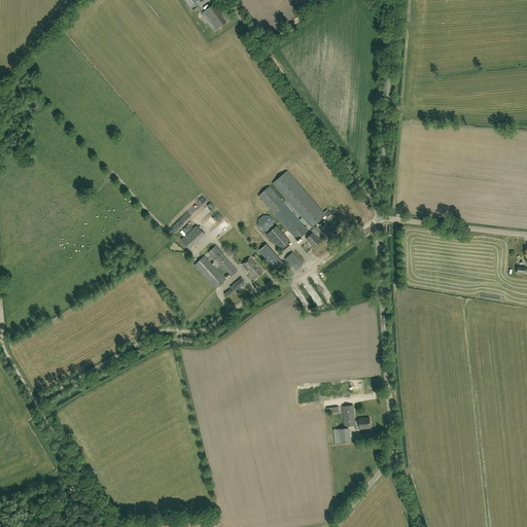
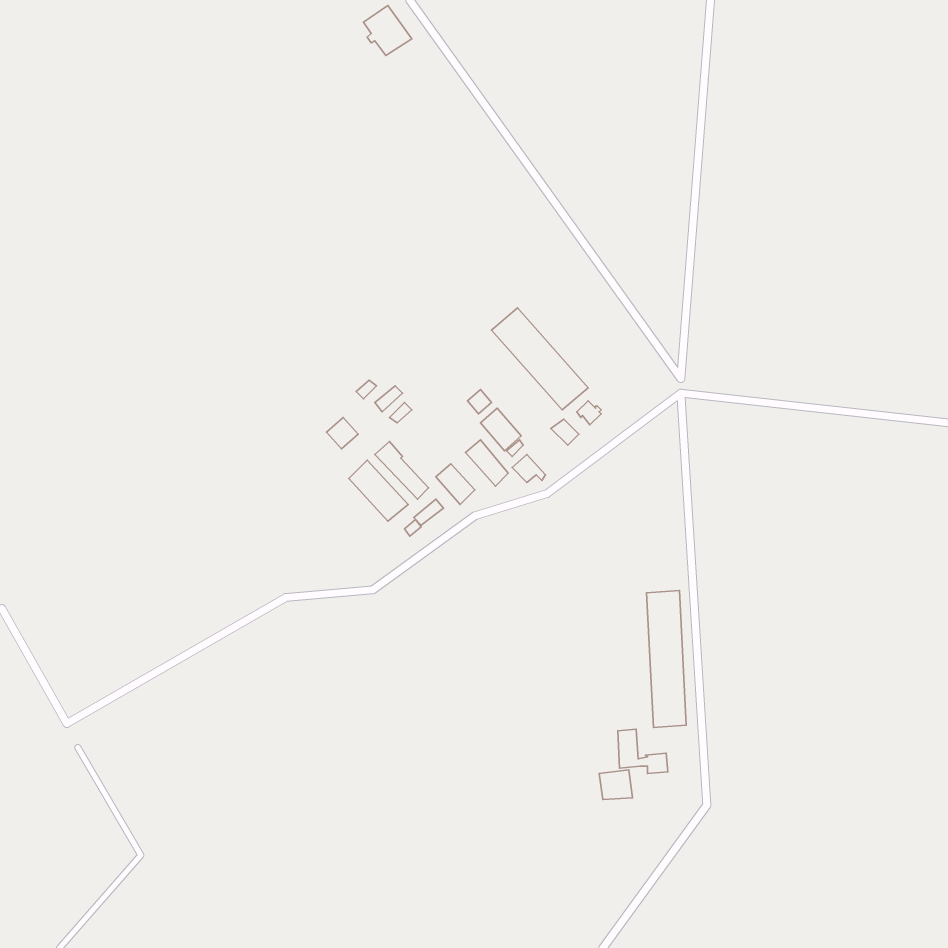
building: [258,185,308,240] -> none
building: none -> [647,591,686,727]

